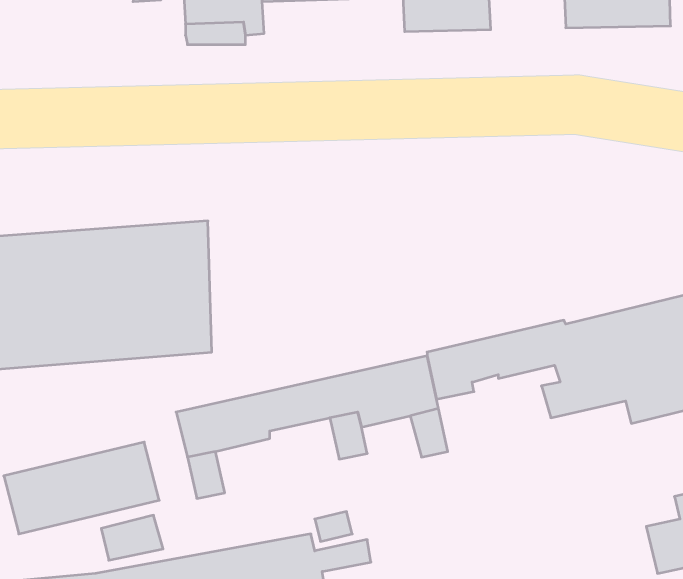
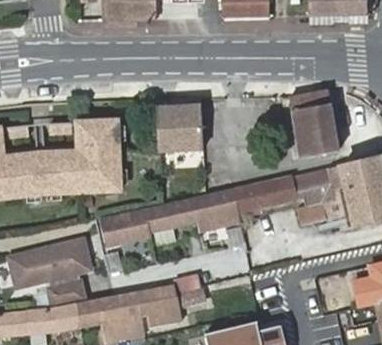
building: none -> [289,89,338,159]
building: none -> [156,107,205,152]

